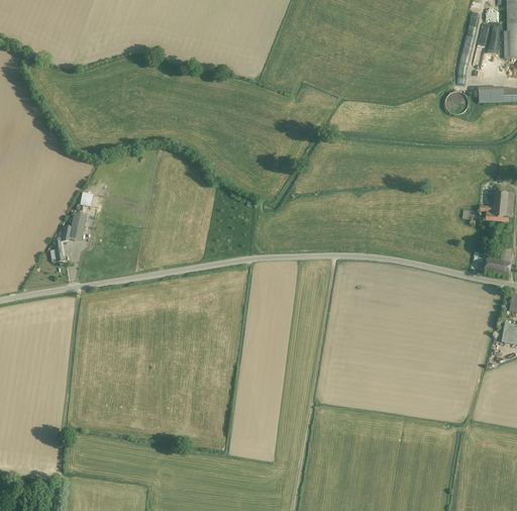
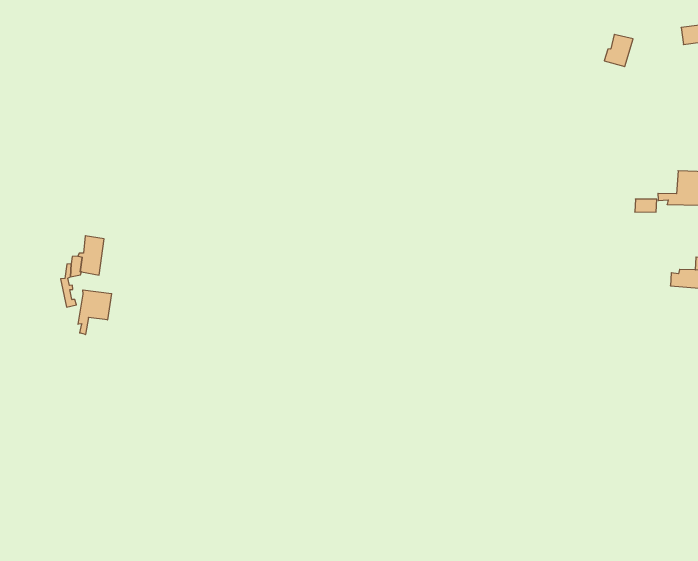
building: [479,87,504,103] -> none
building: none -> [78,290,112,335]

